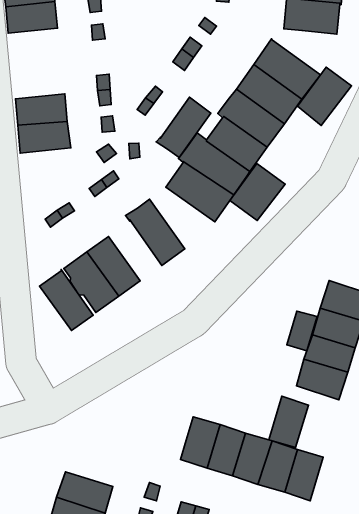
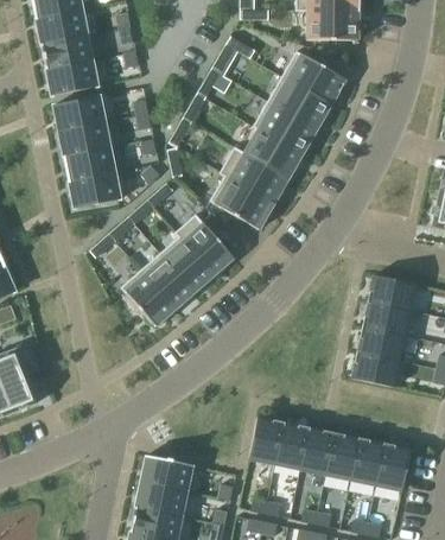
building: none -> [46,61,98,96]
building: none -> [53,96,106,132]
building: [297,67,351,125] -> none
building: [156,97,211,158] -> none
building: none -> [69,173,121,209]
building: [230,163,285,220] -> none
building: [40,269,93,330] -> [160,236,214,293]
building: [287,311,317,351] -> none
building: [269,396,308,447] -> [376,444,411,491]
building: none -> [141,456,193,491]

